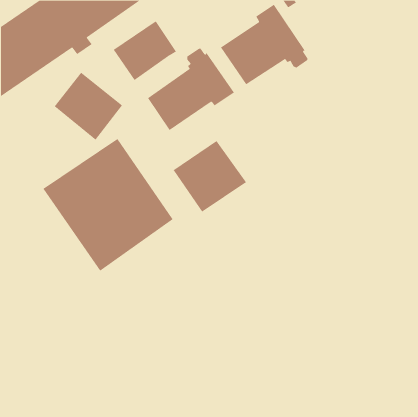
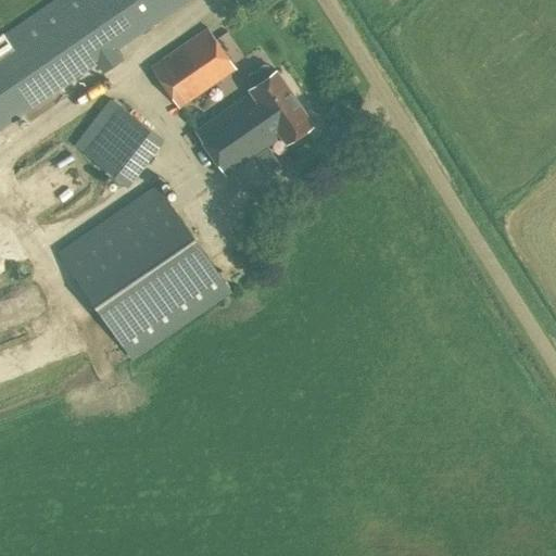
building: [220,4,308,85] -> none
building: [173,140,247,212] -> none

